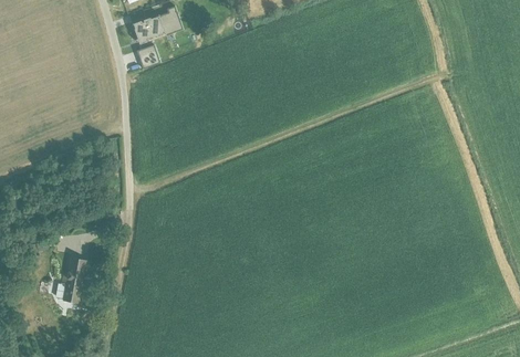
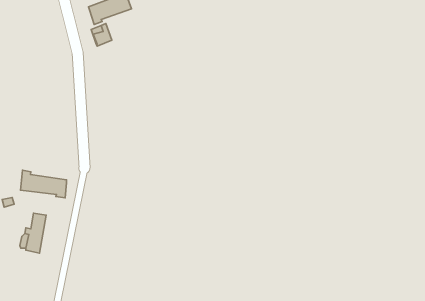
building: none -> [21,170,67,198]

